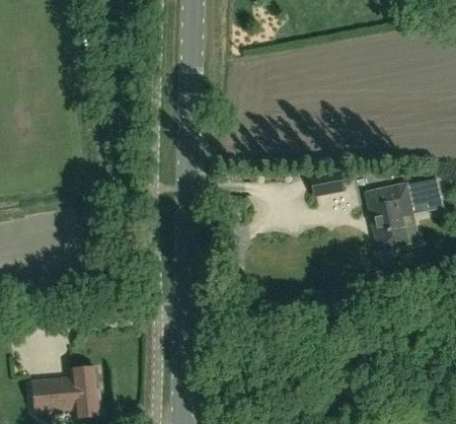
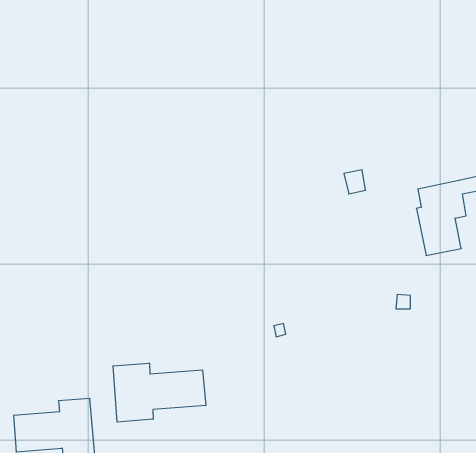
building: none -> [113,363,206,422]

